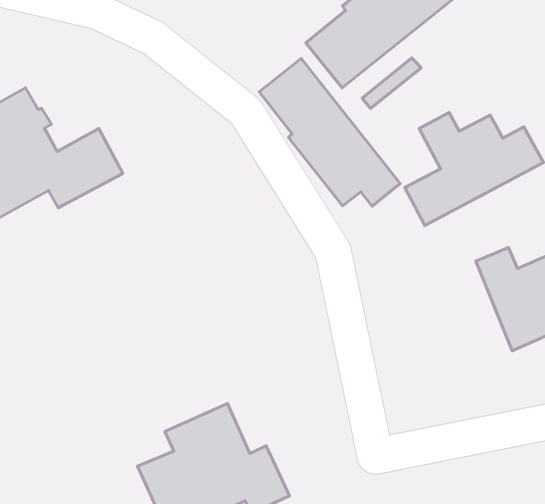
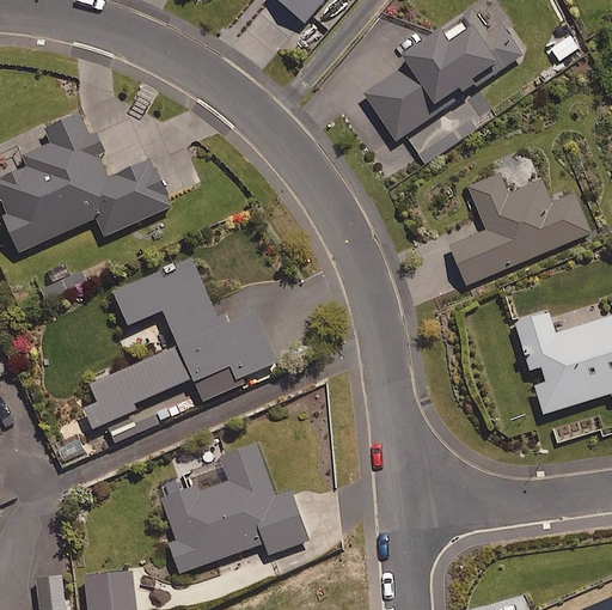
building: [259,58,400,206] -> none
building: none -> [84,261,276,429]

